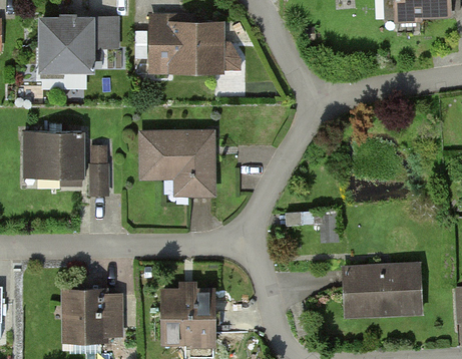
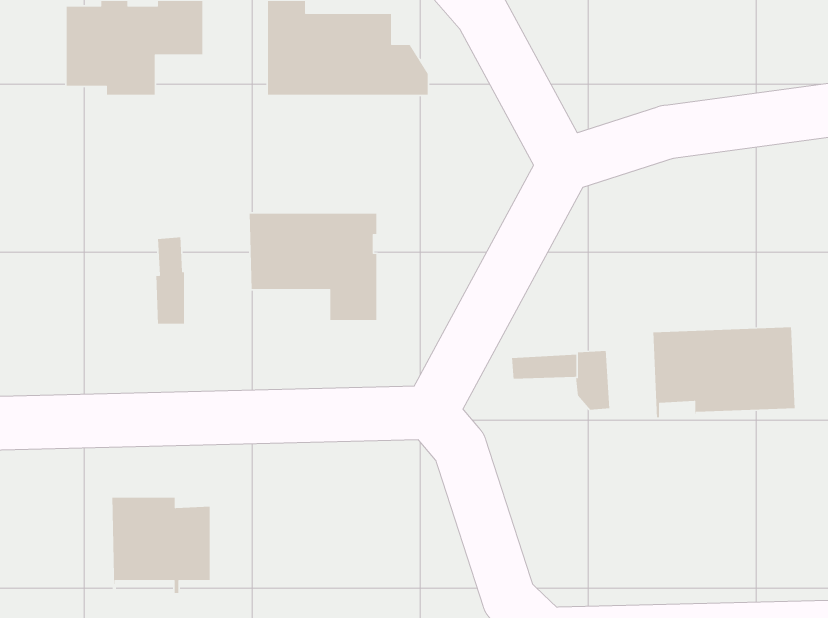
building: [24,132,83,187] -> none
building: [343,267,421,317] -> [652,326,795,418]
building: [162,284,212,343] -> none

